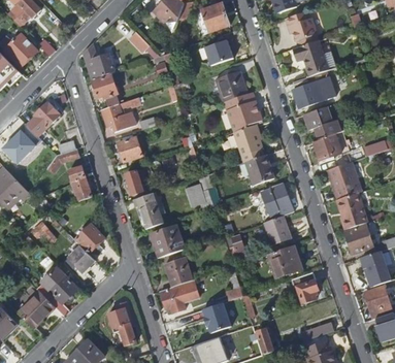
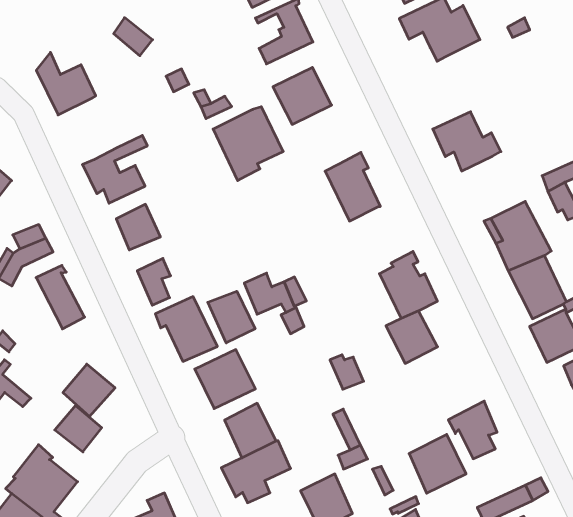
building: [291,73,330,106] -> none
building: [91,75,122,107] -> none
building: [223,92,261,132] -> [213,107,283,181]
building: [312,133,340,159] -> none
building: [246,154,274,186] -> none
building: none -> [208,291,255,343]
building: [268,245,299,277] -> [409,434,466,493]

